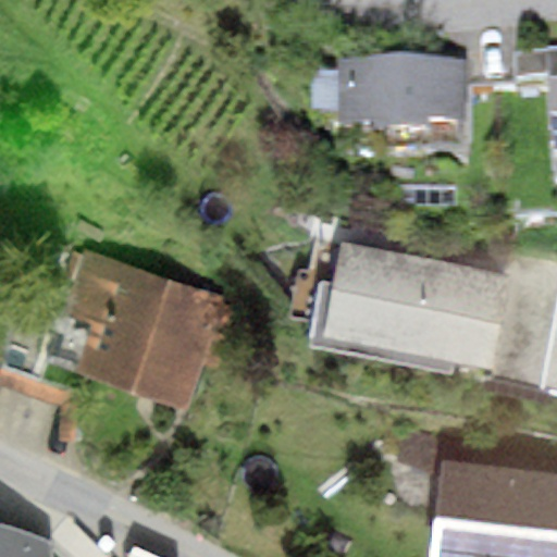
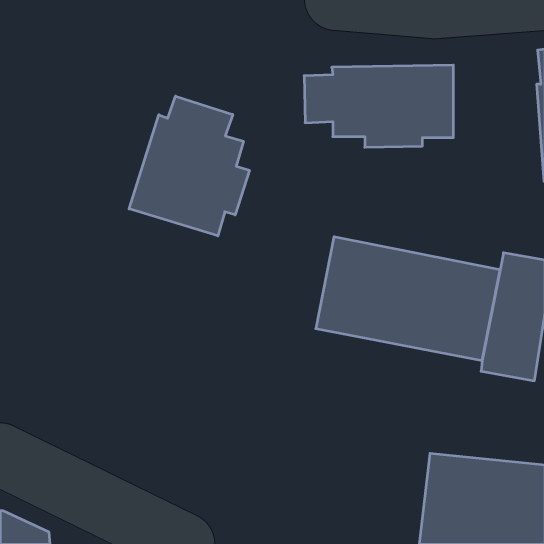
building: none -> [129,96,249,236]
building: [66,256,222,405] -> none

